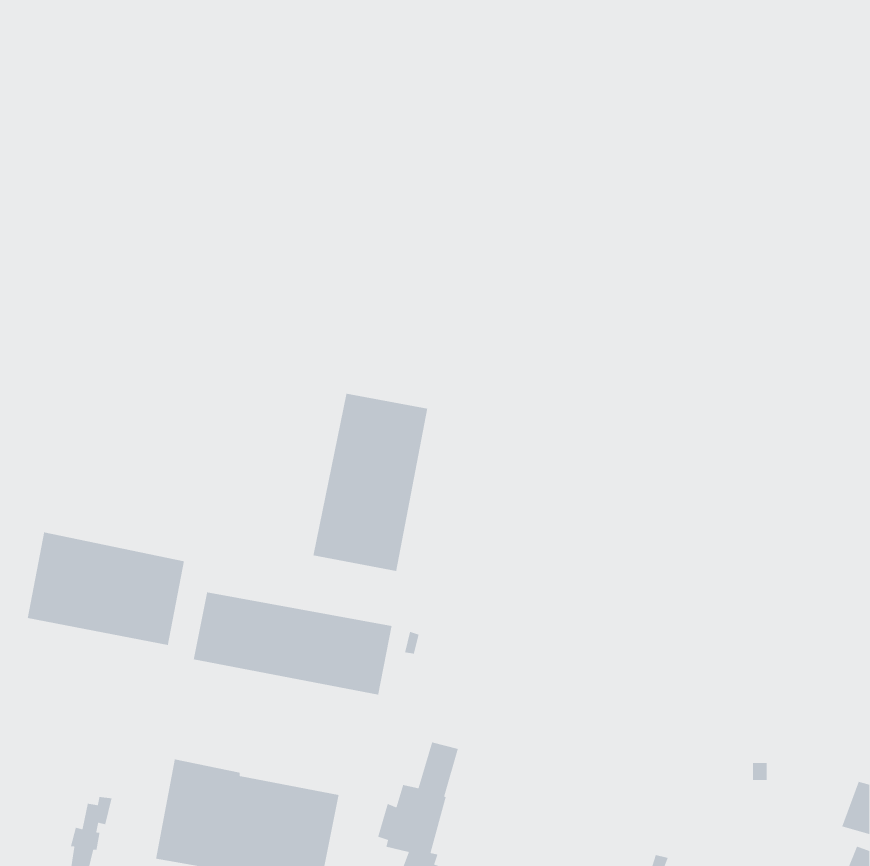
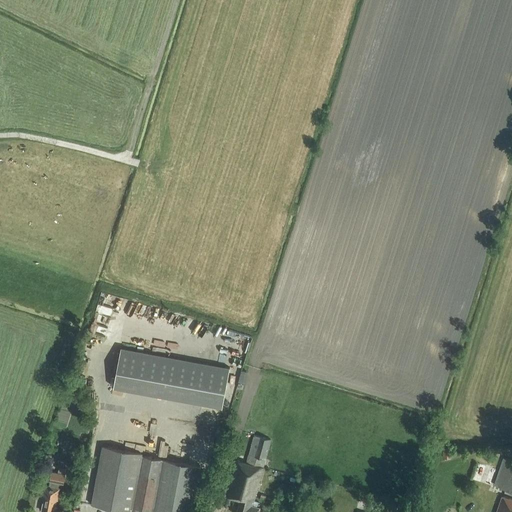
building: [312,393,428,572] -> none
building: [27,531,185,646] -> none

